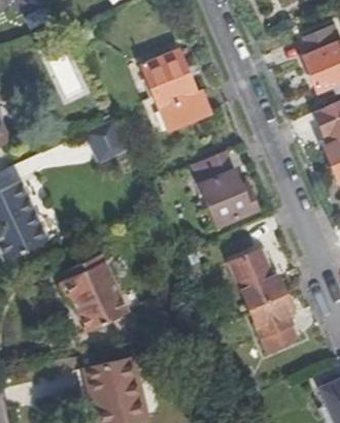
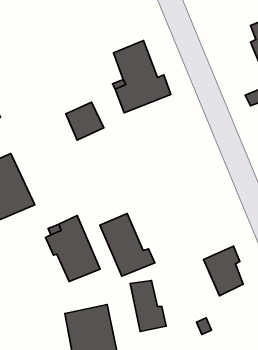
building: [194,149,258,222] -> [100,214,155,276]
building: [229,251,283,306] -> none
building: none -> [130,280,166,331]

